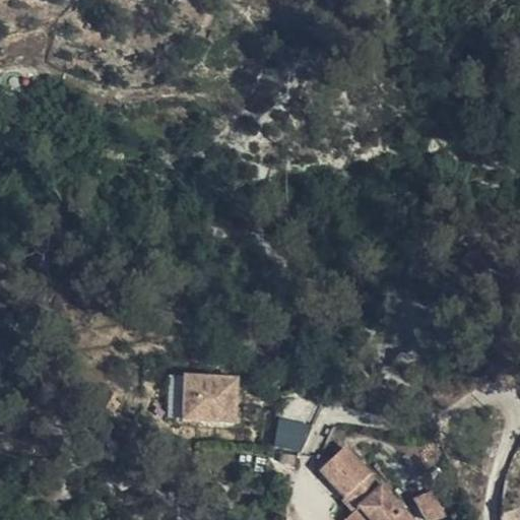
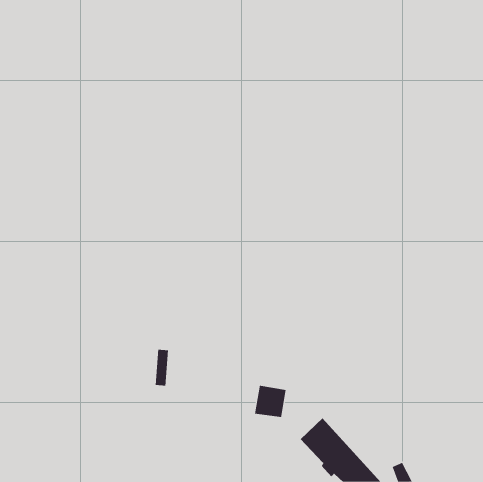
building: [183,375,238,420] -> none

